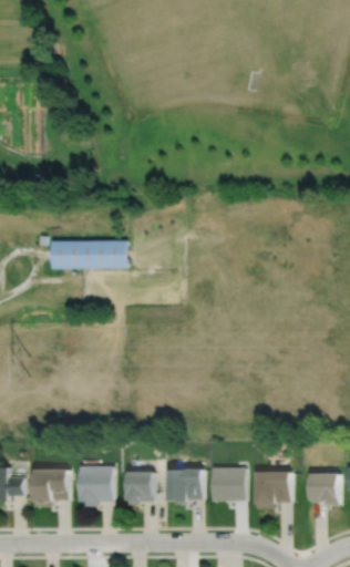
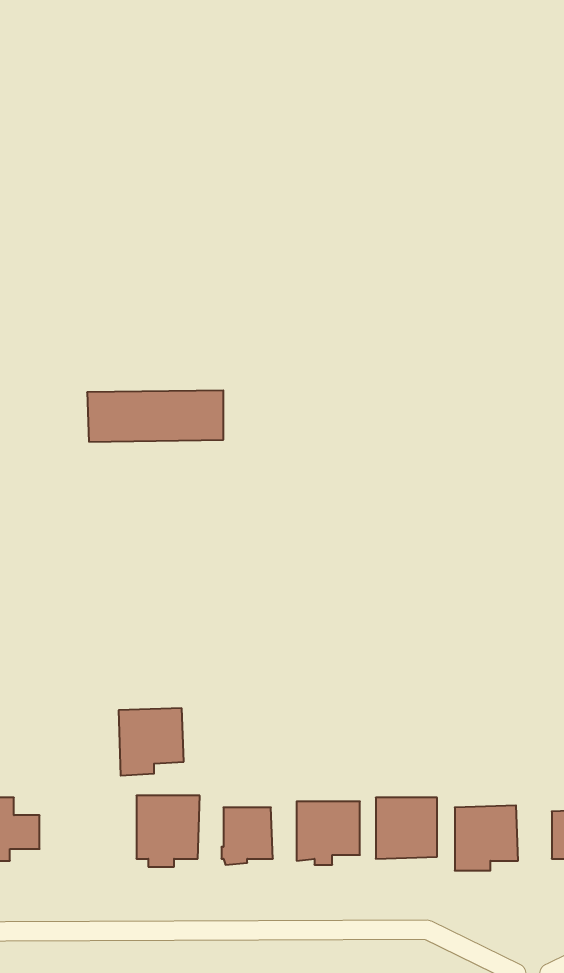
building: [32,470,69,507] -> [119,708,184,776]

